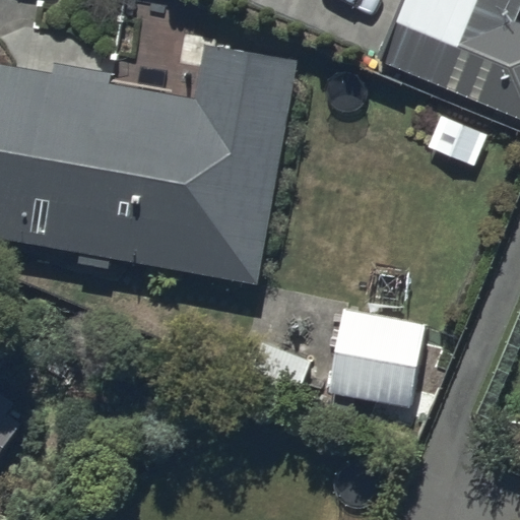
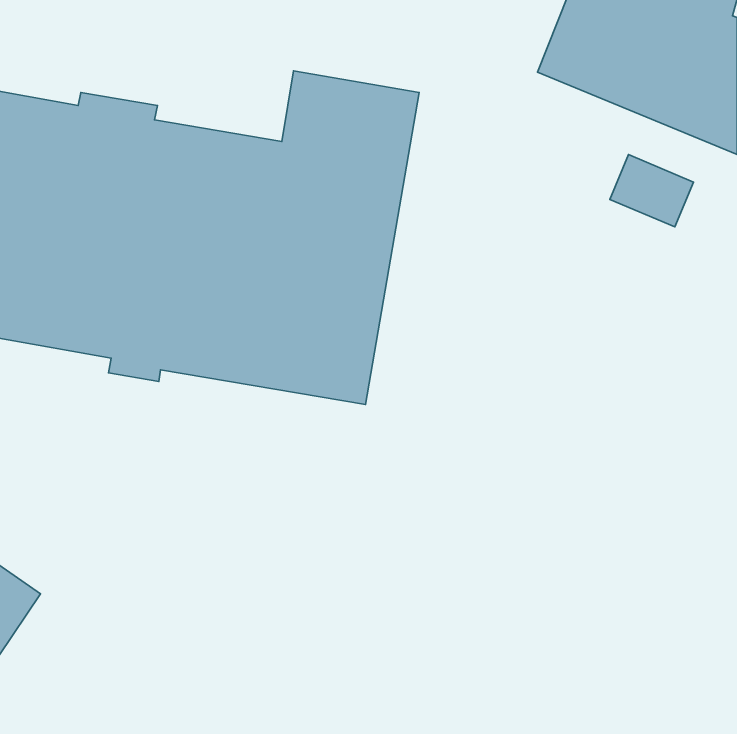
building: [329,307,426,405] -> none

